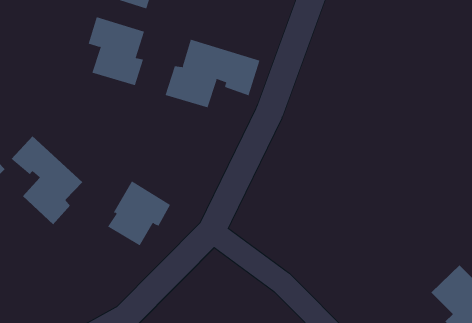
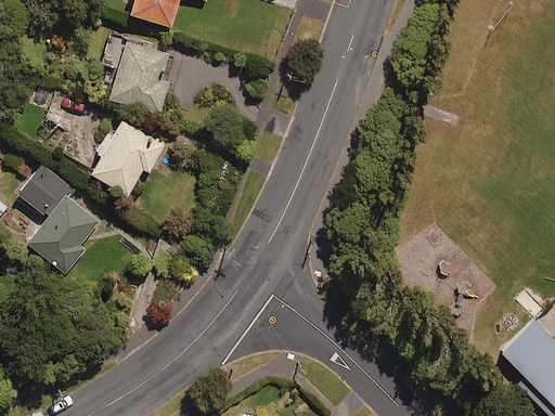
building: [165,39,260,108] -> none
building: [107,181,171,246] -> [90,118,164,194]

